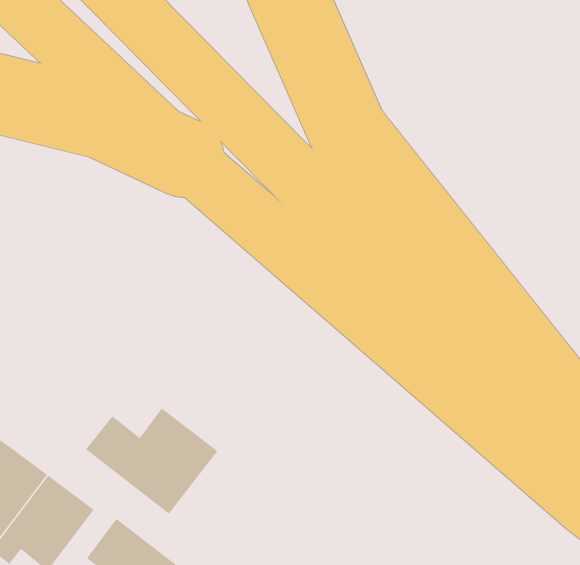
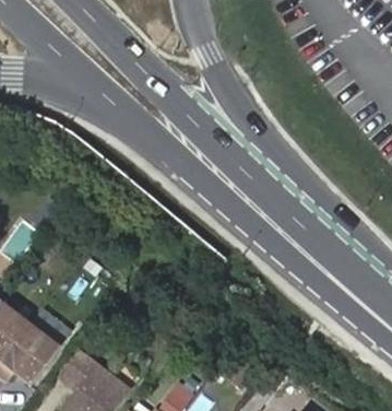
building: [85,408,218,514] -> none

